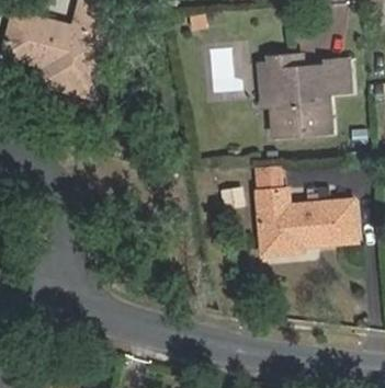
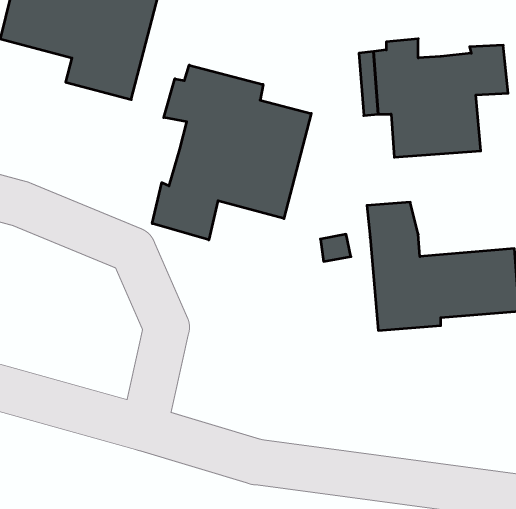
building: none -> [152,65,311,240]

